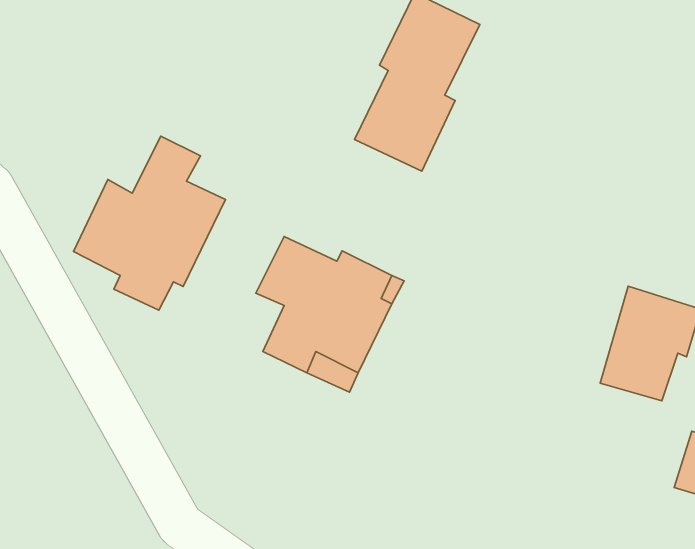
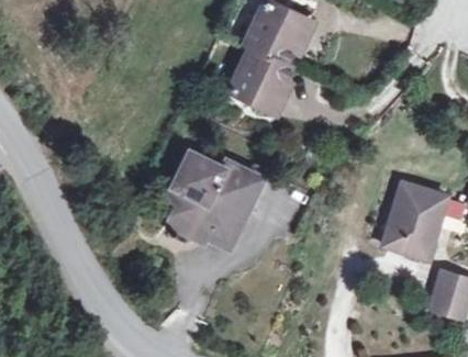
building: [73,136,225,310] -> none

